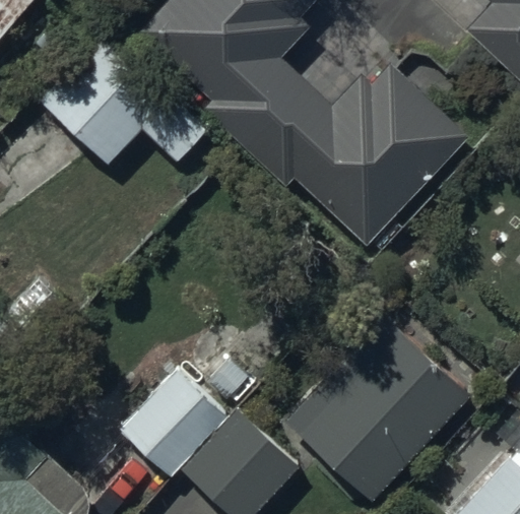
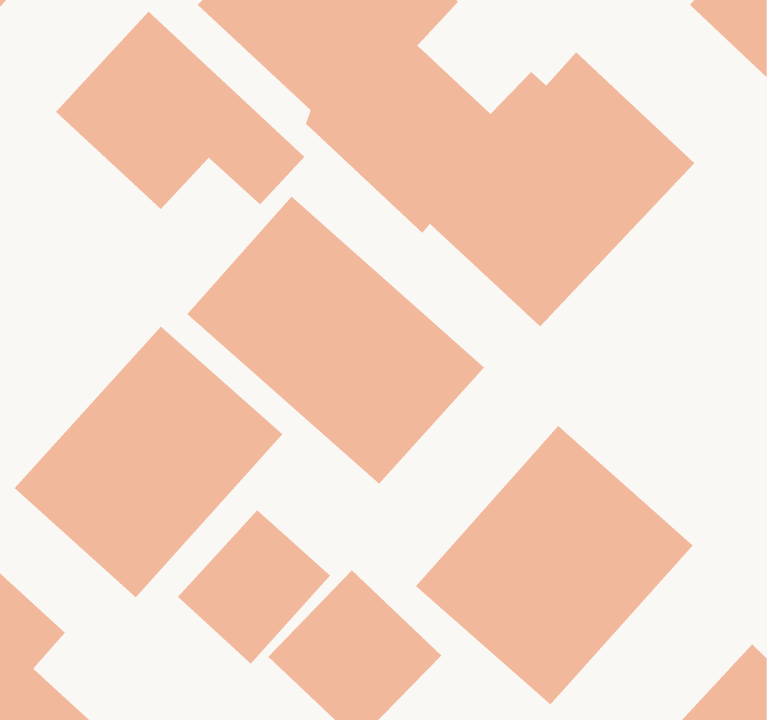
building: none -> [186,196,485,484]
building: none -> [14,326,283,598]

